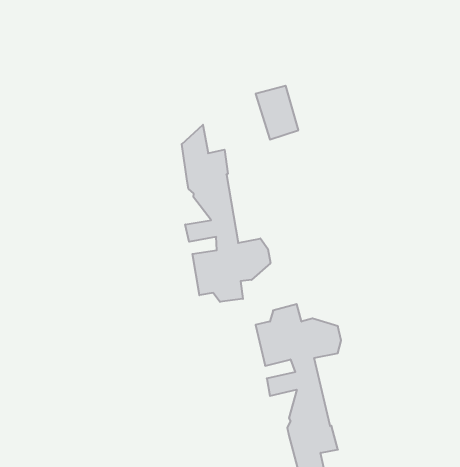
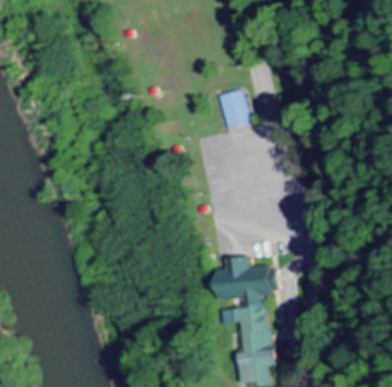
building: [182,125,270,302] -> none

